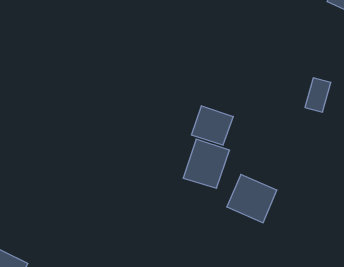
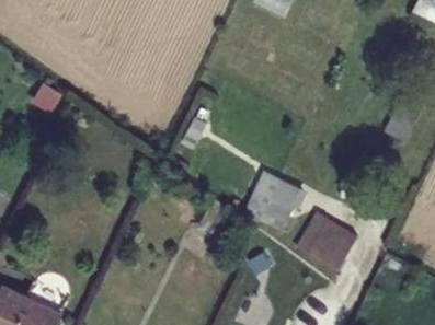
building: [192,106,233,145] -> none

